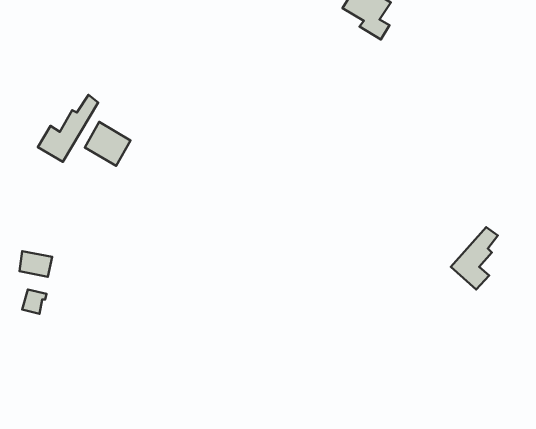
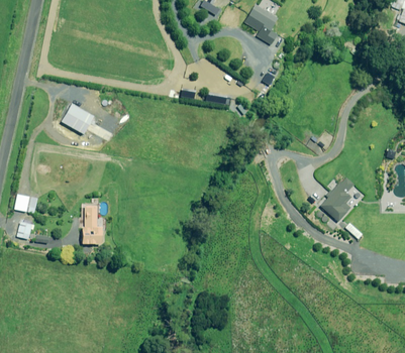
building: [38,95,98,162] -> none
building: none -> [82,205,102,243]

